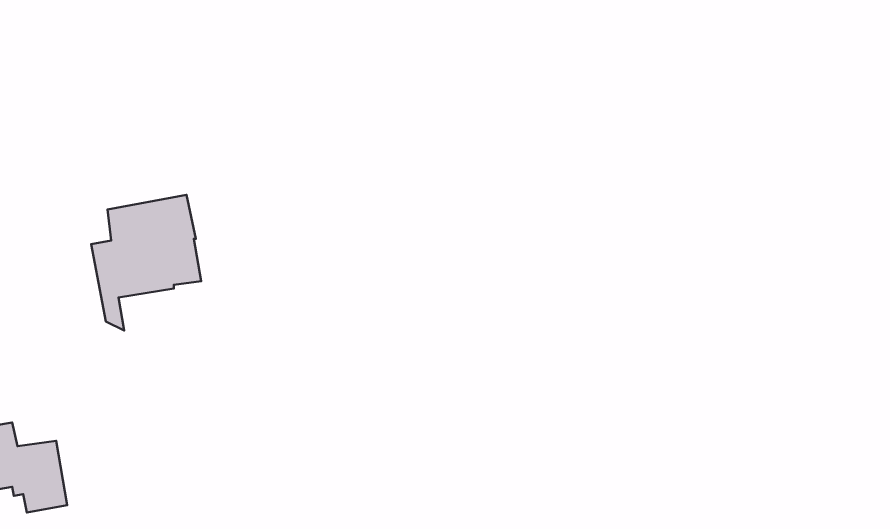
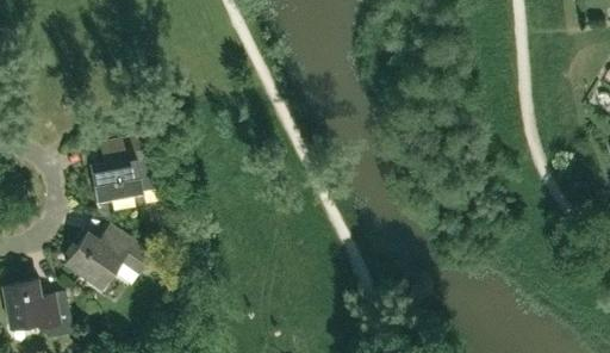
building: none -> [64,224,152,287]

